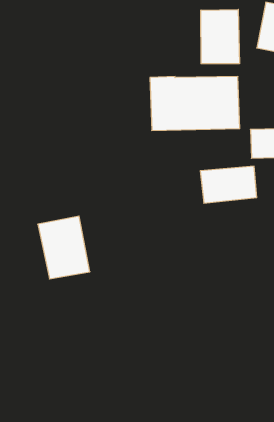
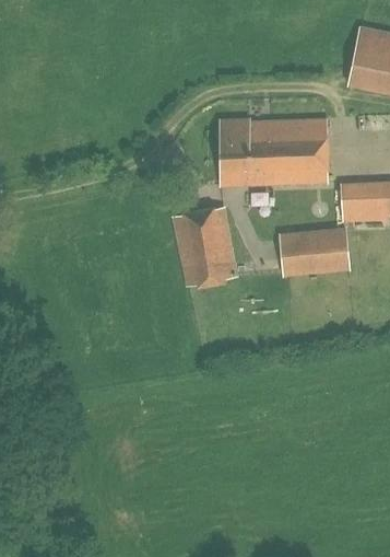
building: [201,9,239,64] -> none
building: [38,216,90,279] -> [173,208,236,285]

